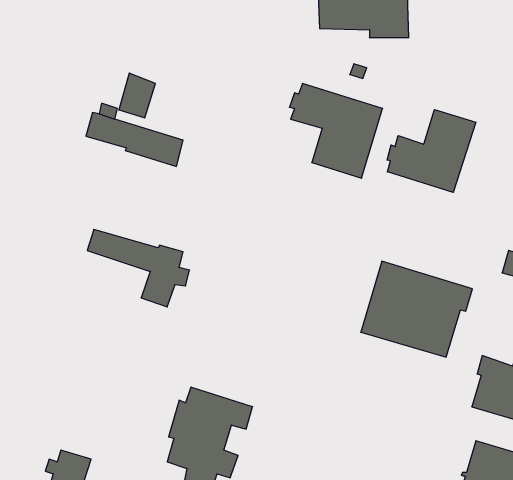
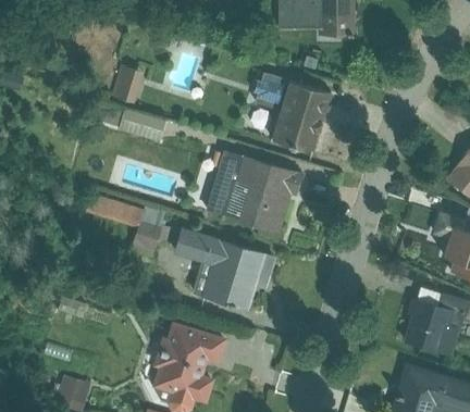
building: [387,110,476,192] -> none
building: [361,261,472,357] -> [208,151,300,230]
building: none -> [175,229,275,308]

